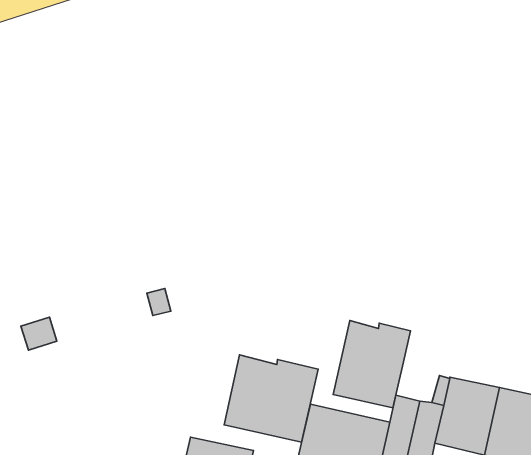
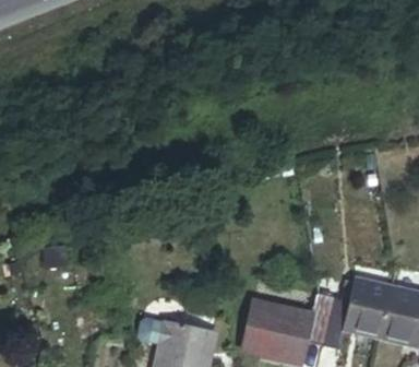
building: [333,321,411,408] -> none
building: [224,355,318,442] -> none

